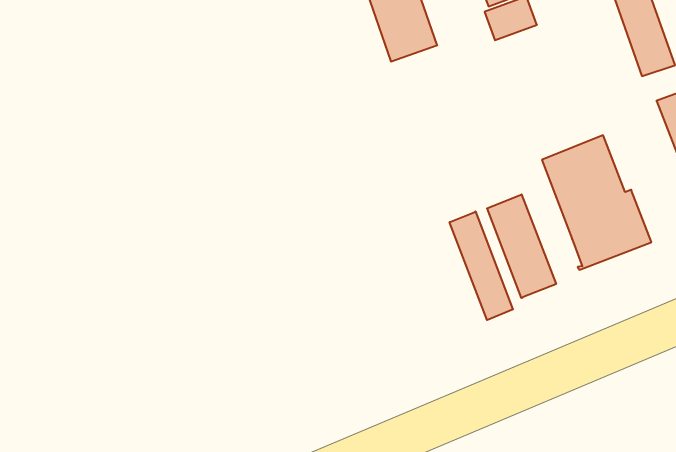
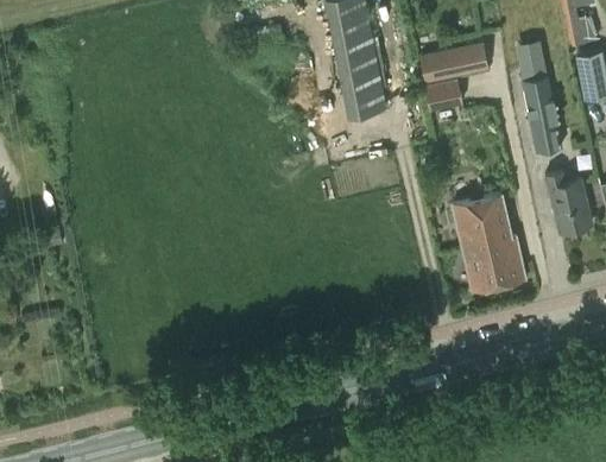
building: [487,194,556,298] -> none
building: [450,211,513,320] -> none

